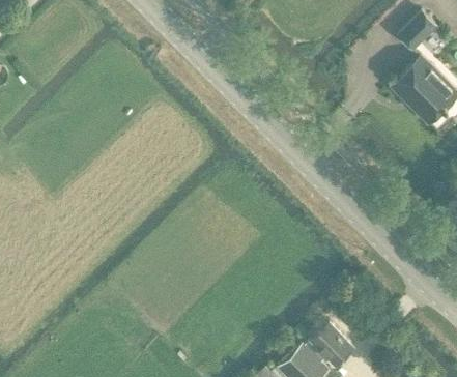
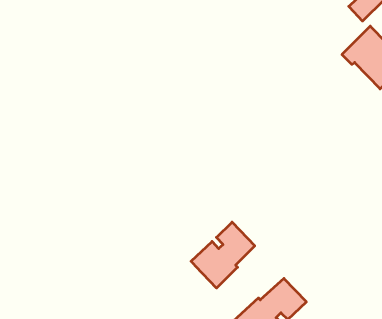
building: none -> [191,222,255,288]

